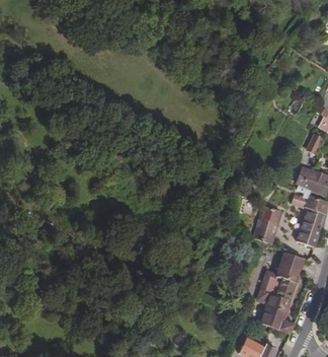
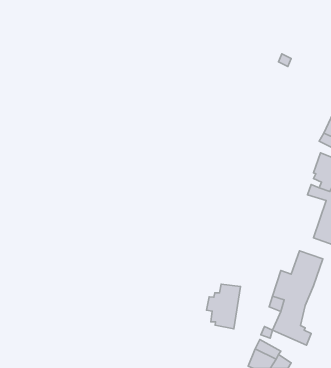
building: [252,205,280,243] -> none
building: none -> [206,284,240,329]

